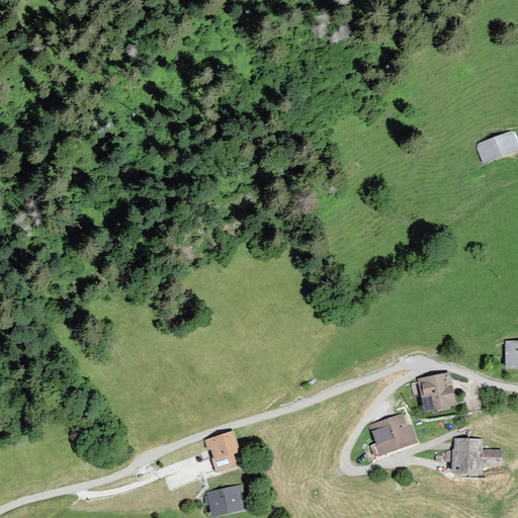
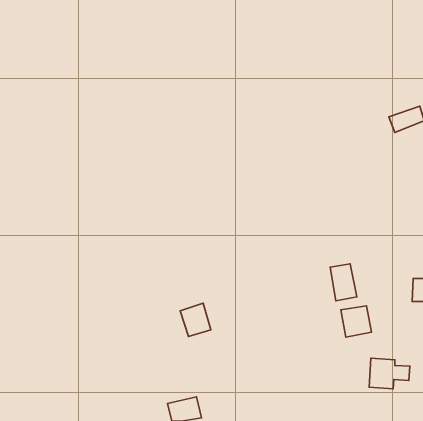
building: none -> [330,264,357,301]
building: [370,415,418,453] -> none
building: [205,432,243,472] -> [180,303,211,336]

